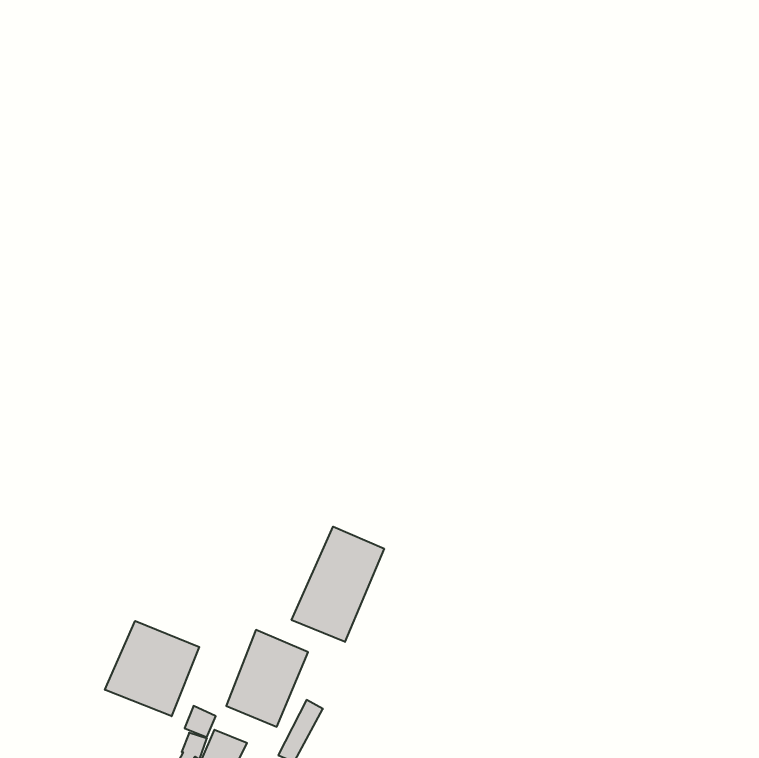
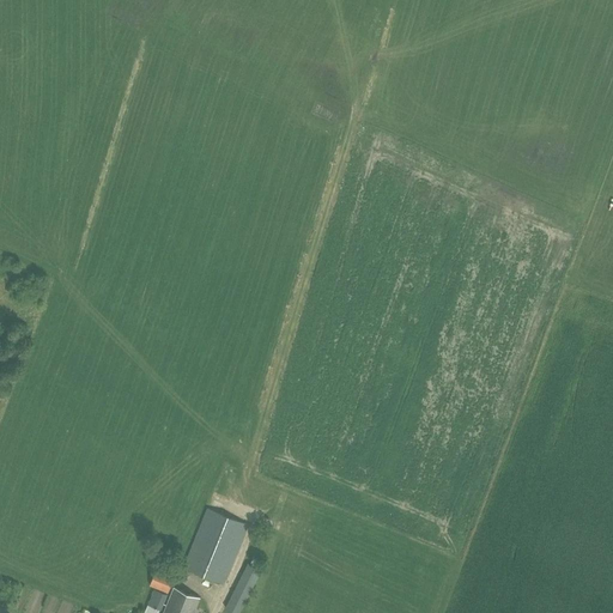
building: [292,527,384,642] -> none
building: [105,621,199,716] -> none

